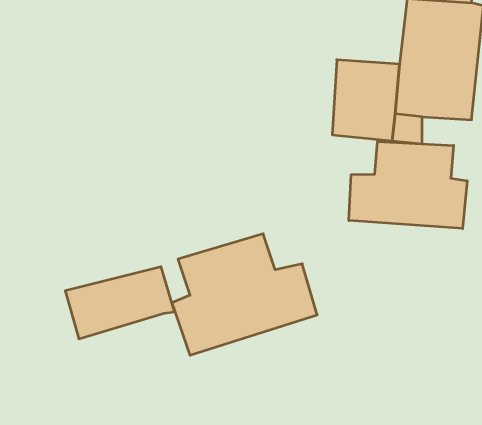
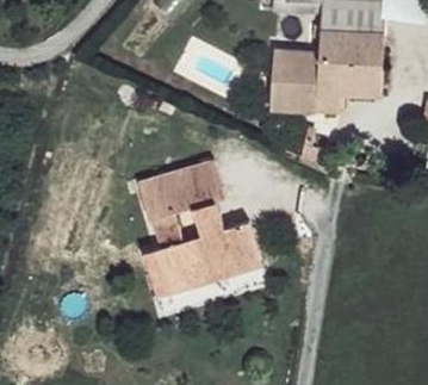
building: [349,141,467,229] -> none
building: [65,267,175,339] -> [136,156,223,213]

